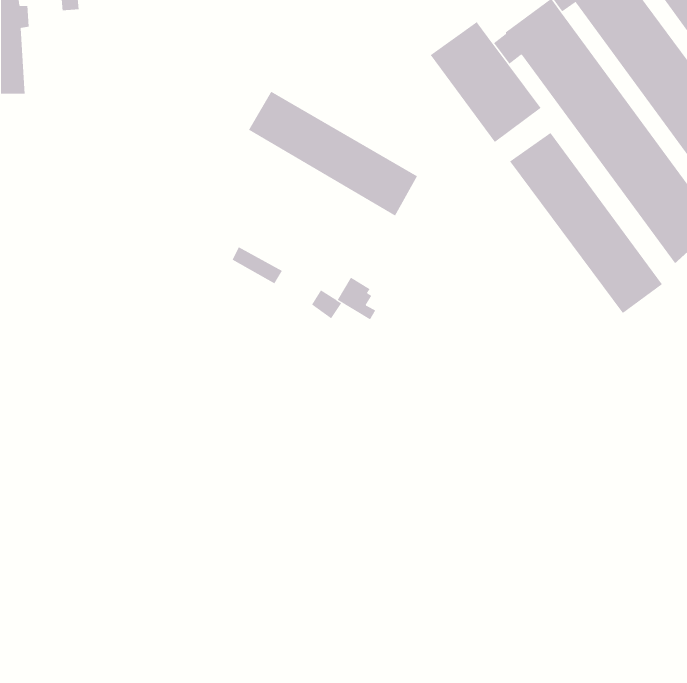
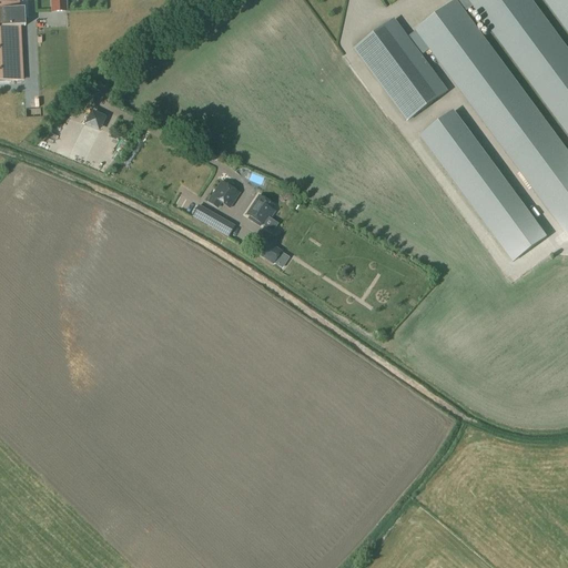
building: [248,91,418,216] -> none
building: none -> [210,179,240,205]
building: [337,277,376,320] -> [248,192,281,227]

